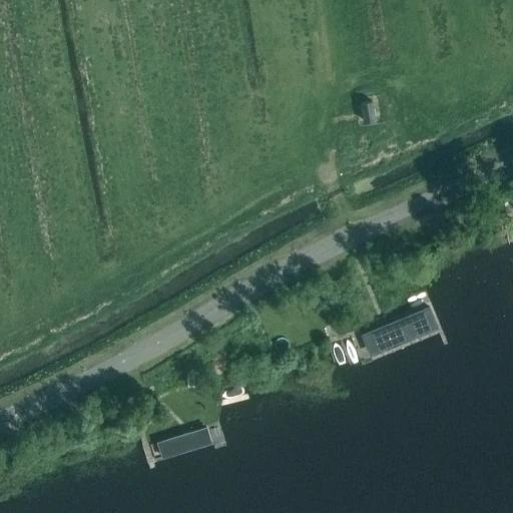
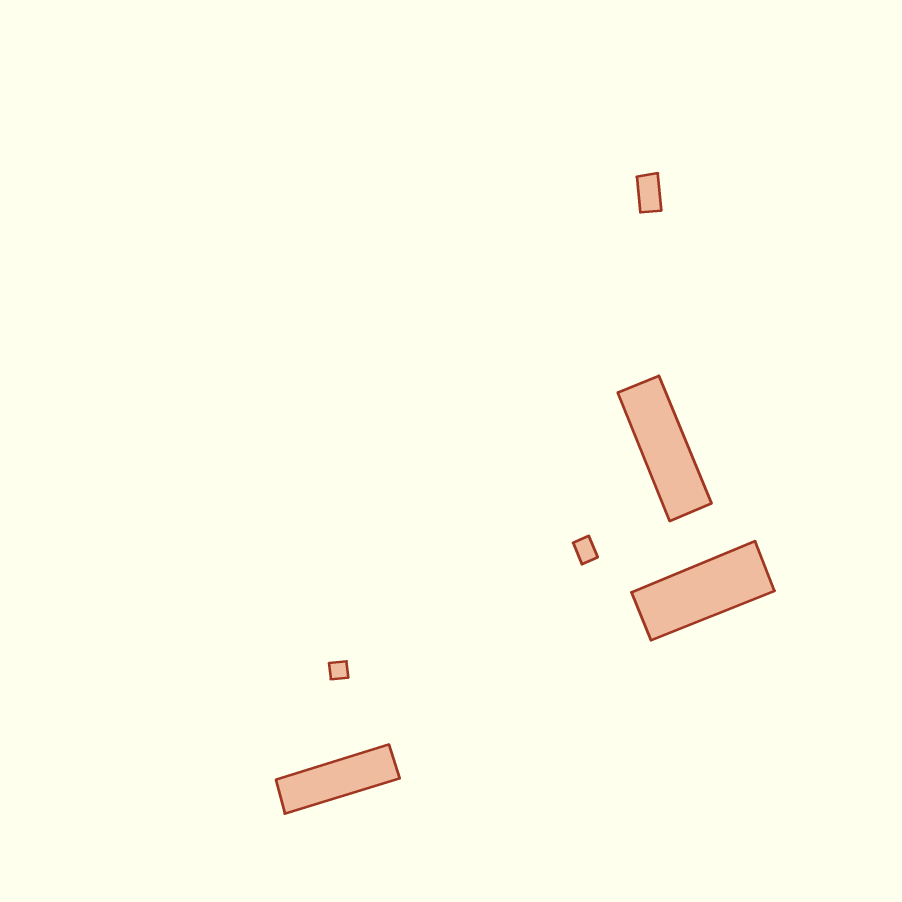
building: none -> [618,376,711,521]

